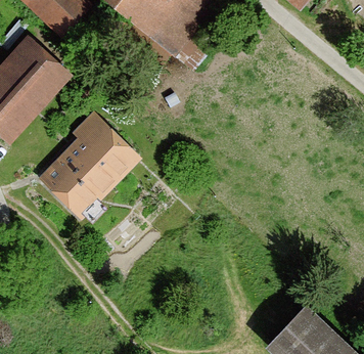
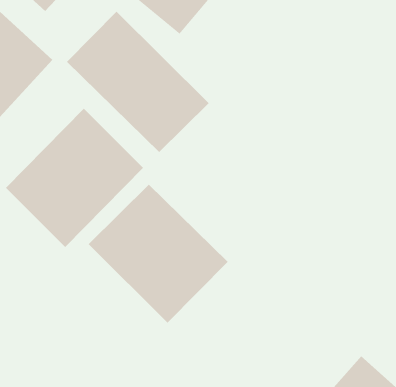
building: none -> [66,11,210,153]
building: none -> [88,184,229,324]

